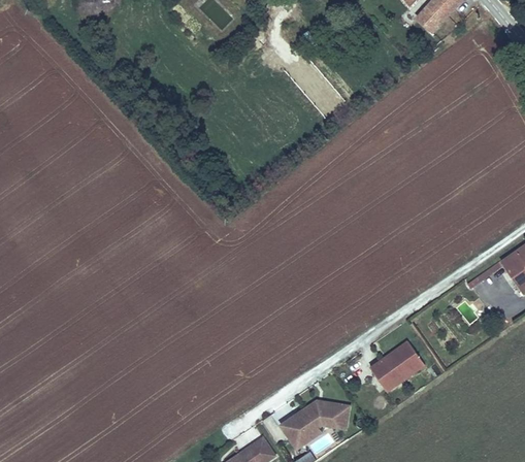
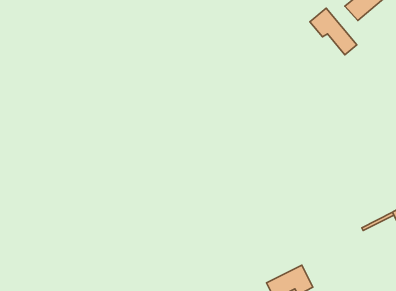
building: none -> [310,8,357,55]

